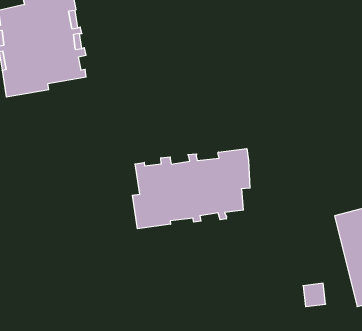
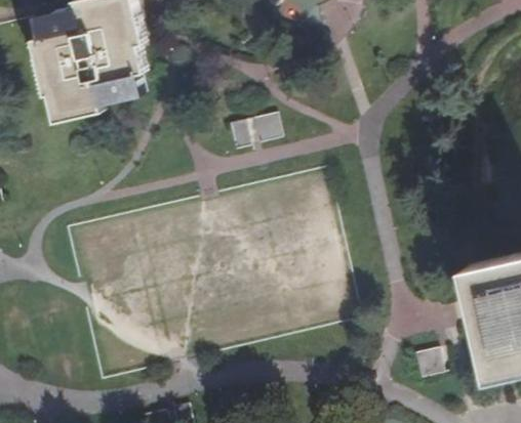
building: none -> [231,117,281,147]
building: [132,149,250,229] -> none

